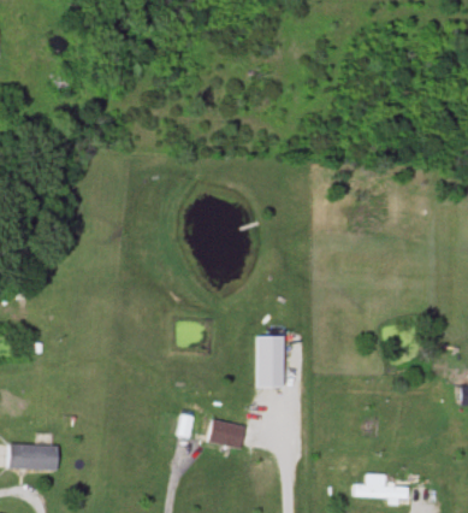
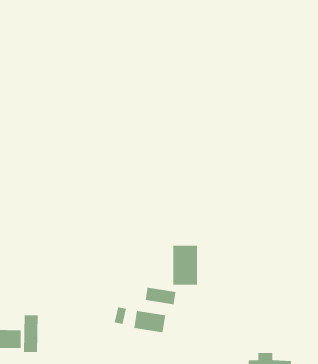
building: none -> [145,287,176,305]
building: none -> [23,314,38,353]

